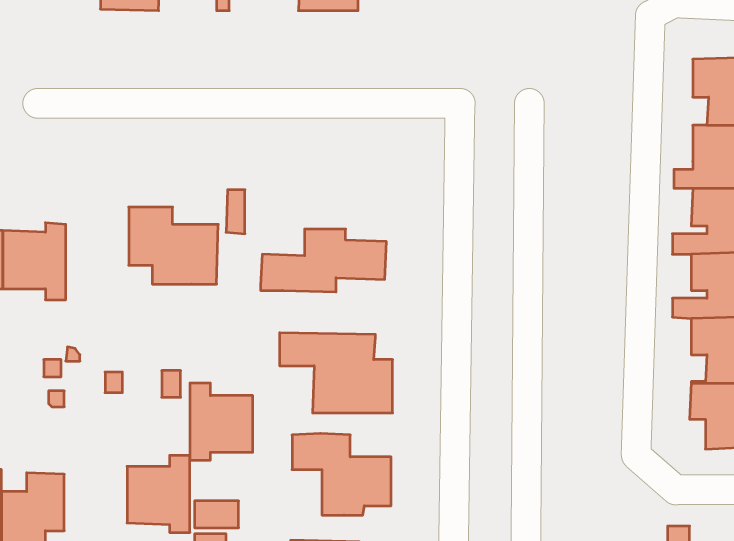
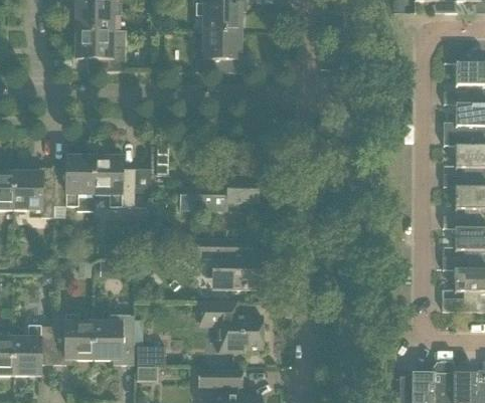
building: none -> [75,31,125,72]
building: none -> [195,32,245,73]
building: none -> [53,158,94,212]
building: [190,383,253,460] -> [52,316,93,365]

